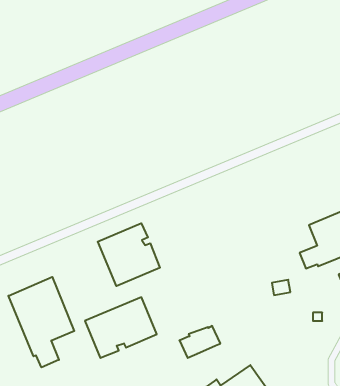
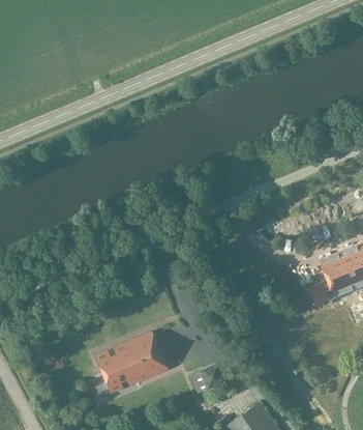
building: [98,223,160,286] -> none
building: [8,277,74,367] -> none

